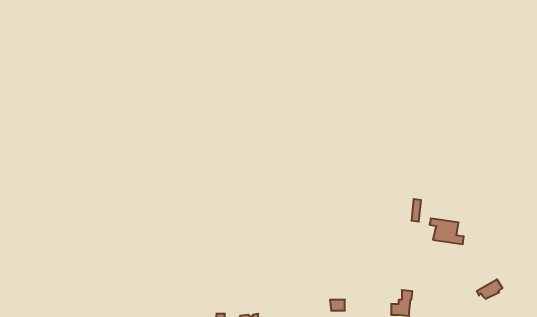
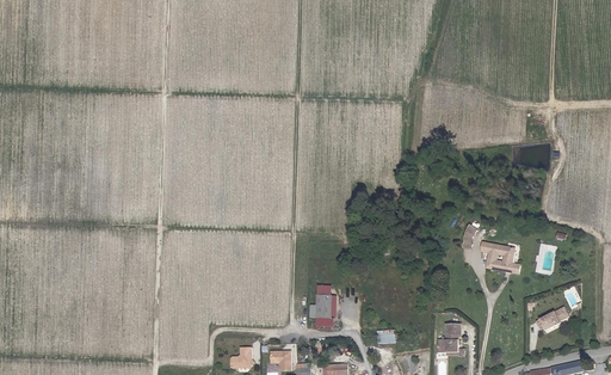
building: none -> [313,293,332,325]

